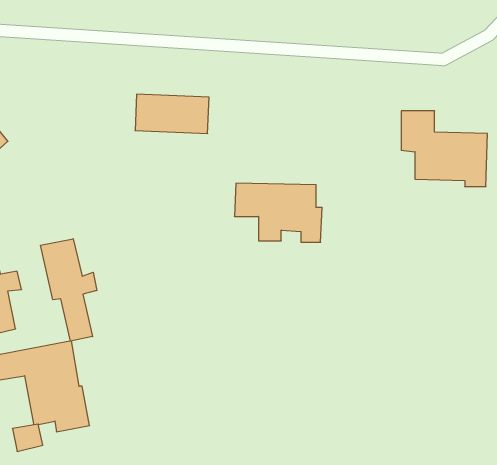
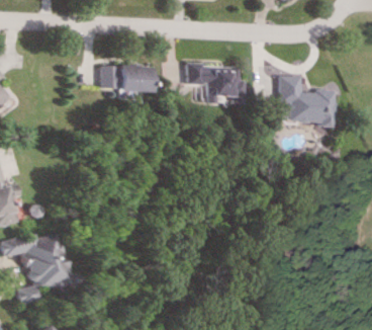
building: [234,183,322,242] -> [182,64,241,103]
building: [41,239,97,341] -> none

